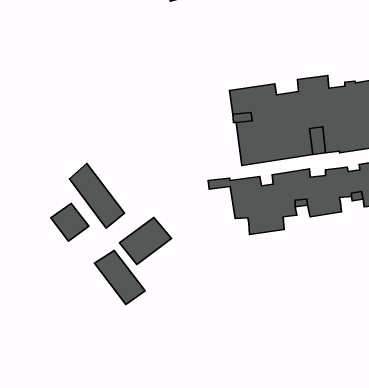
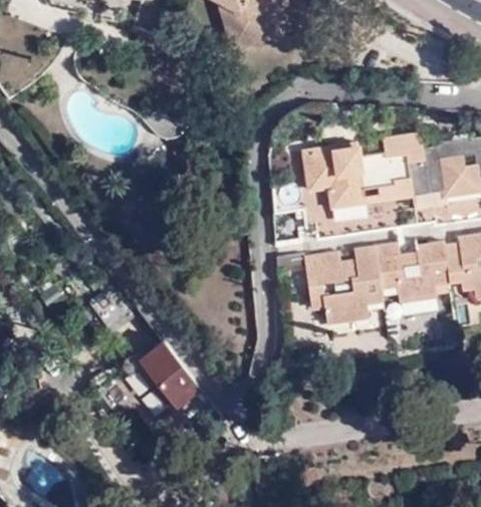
building: [70,163,124,228] -> none
building: [119,217,171,264] -> none

